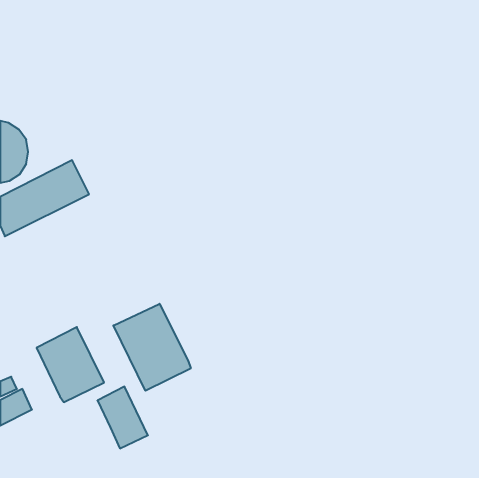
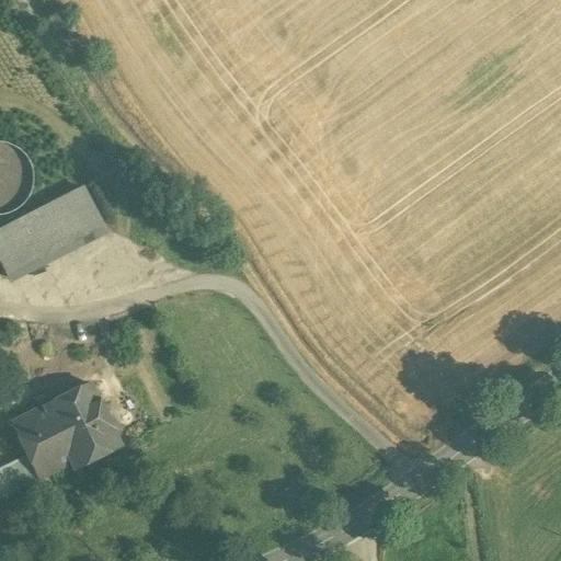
building: [113,304,191,391] -> none
building: [97,387,148,448] -> [11,407,70,479]

